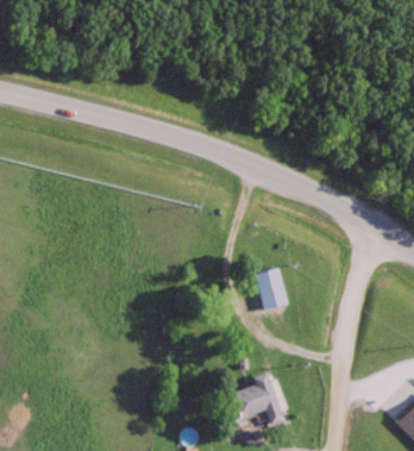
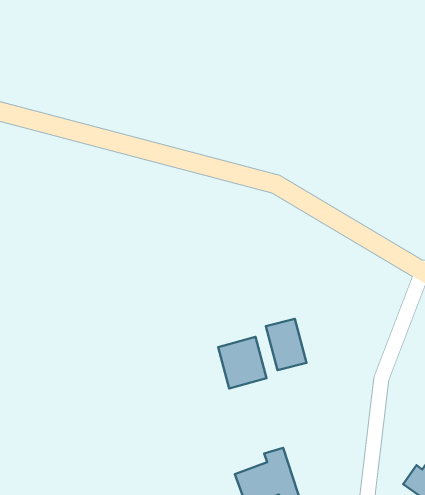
building: none -> [218,337,267,389]

